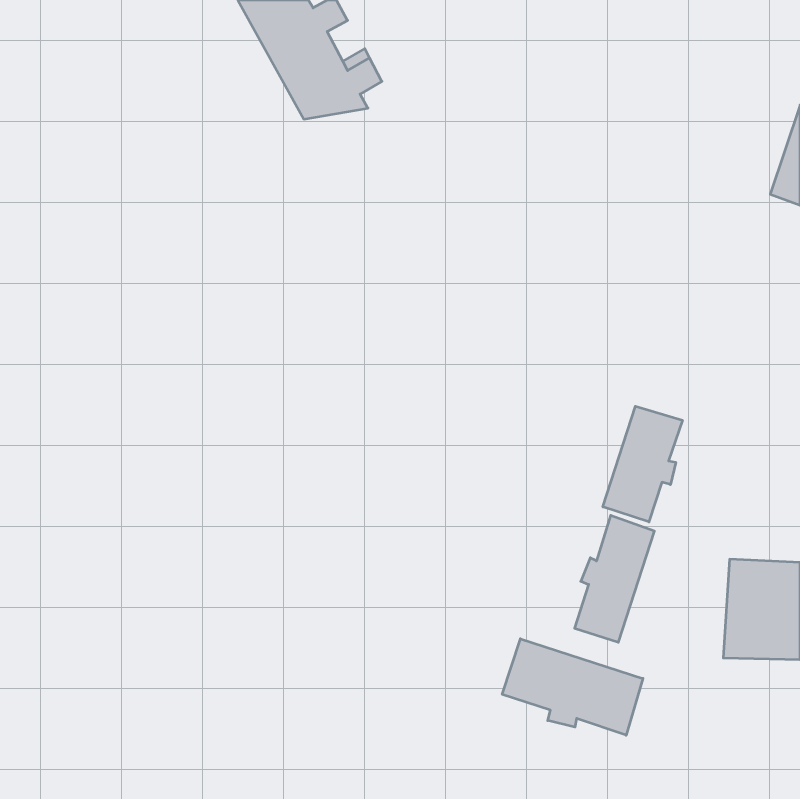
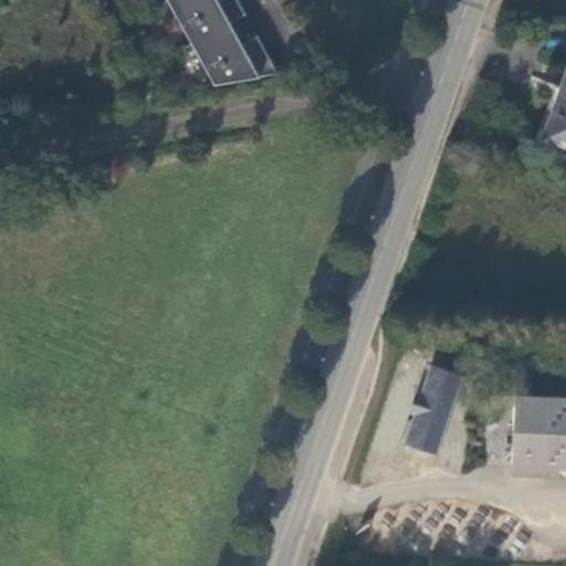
building: [603,406,682,522] -> none
building: [502,639,643,735] -> none

